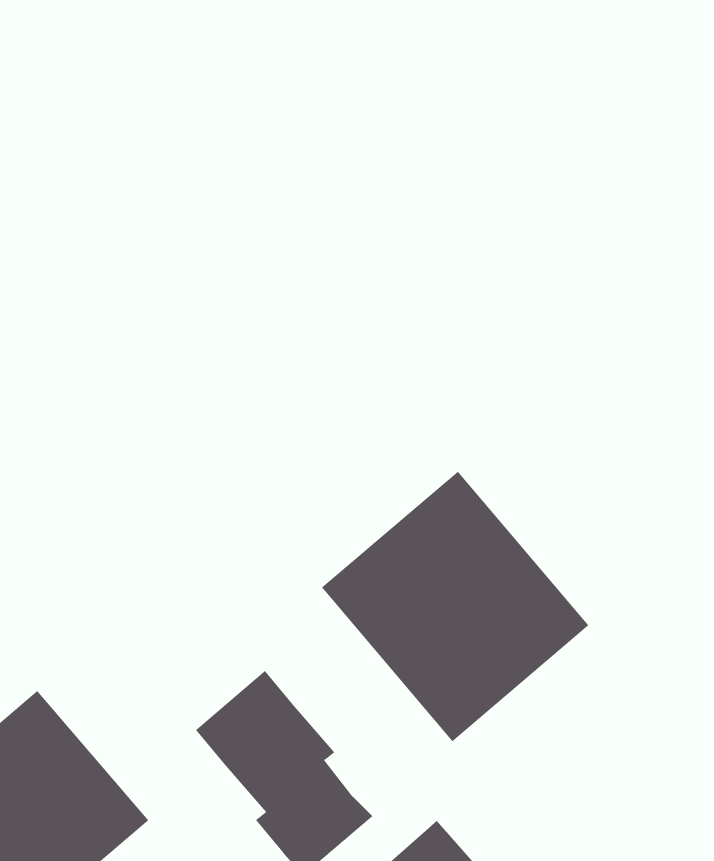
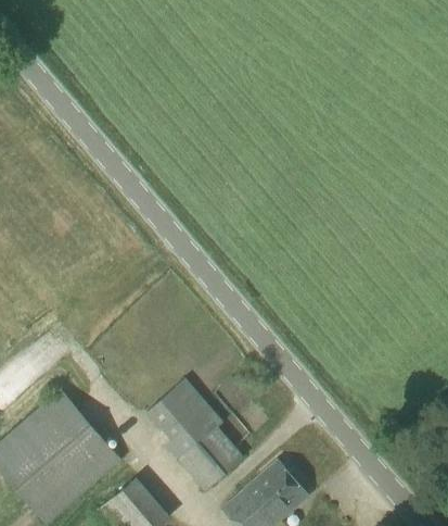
building: [321,471,589,742] -> none

